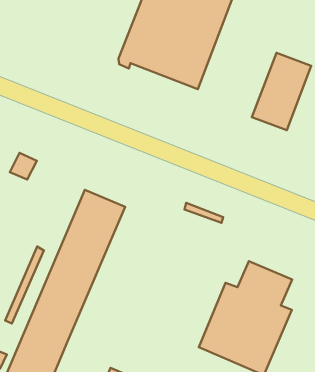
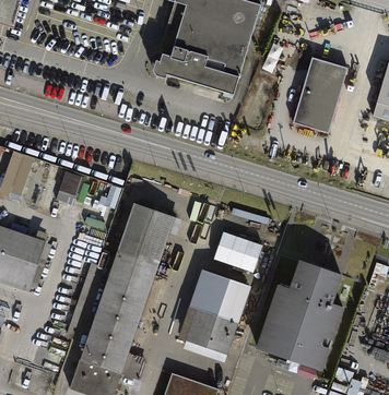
building: none -> [214,230,264,273]
building: none -> [180,270,252,361]

